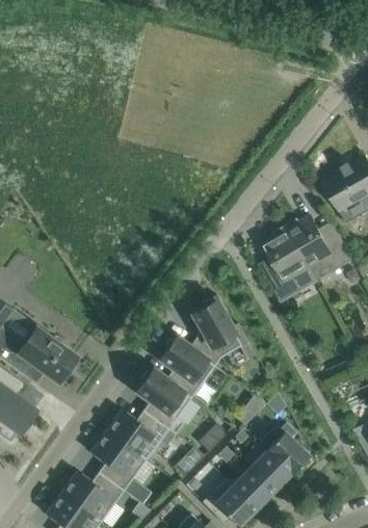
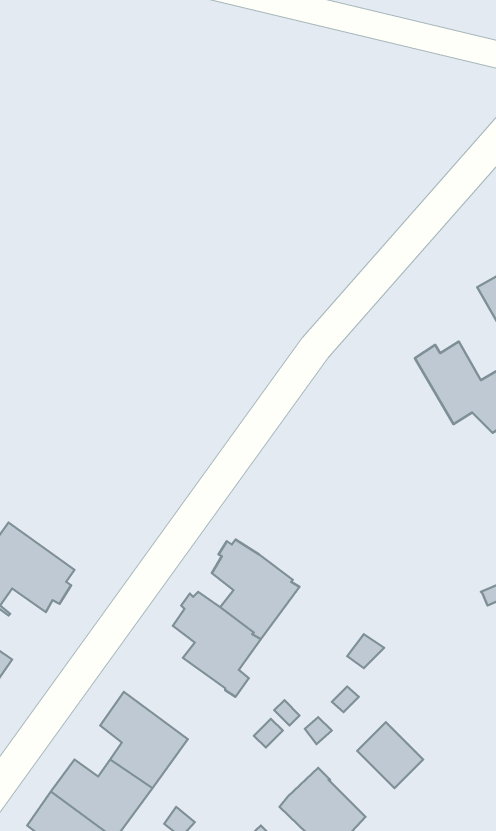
building: [264,227,310,302] -> none
building: [190,295,248,367] -> none
building: [107,411,176,460] -> none
building: [259,423,309,475] -> none
building: [233,468,273,508] -> none

